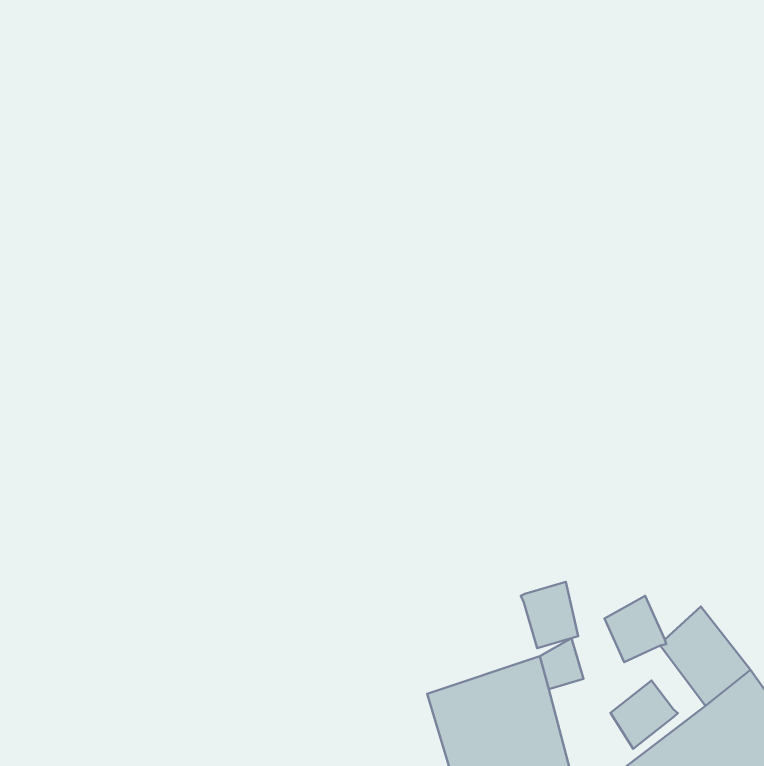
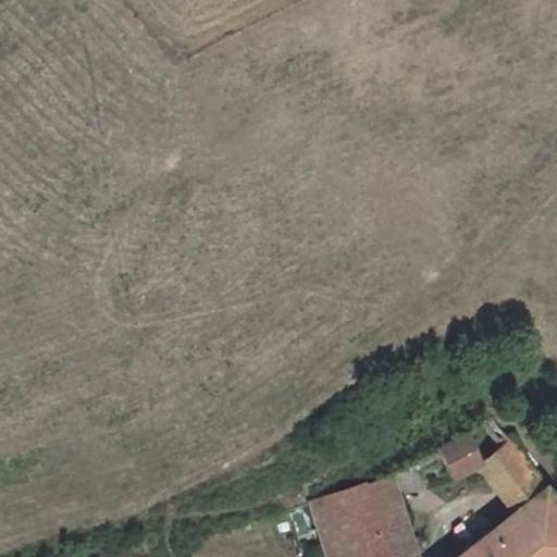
building: [521,582,578,648] -> none
building: [611,681,678,749] -> none

